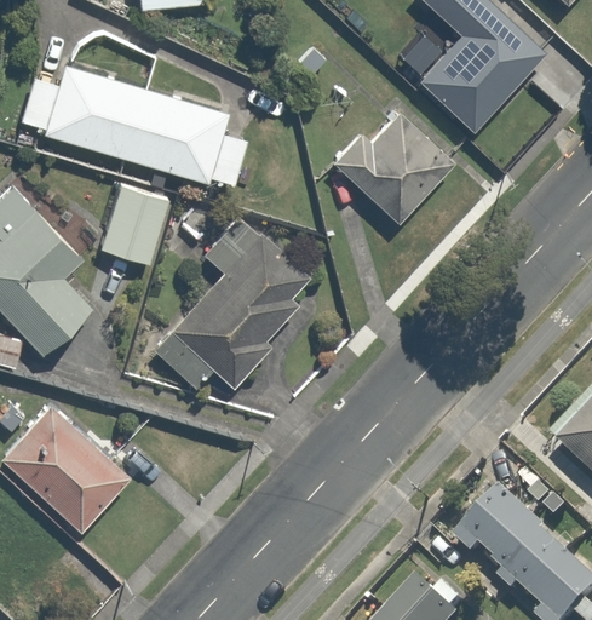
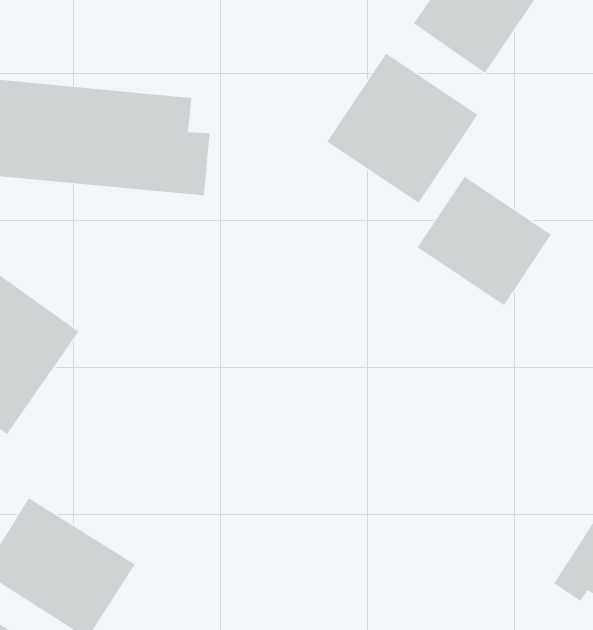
building: [102,185,169,265] -> none
building: none -> [417,176,552,306]
building: [151,219,304,391] -> none

